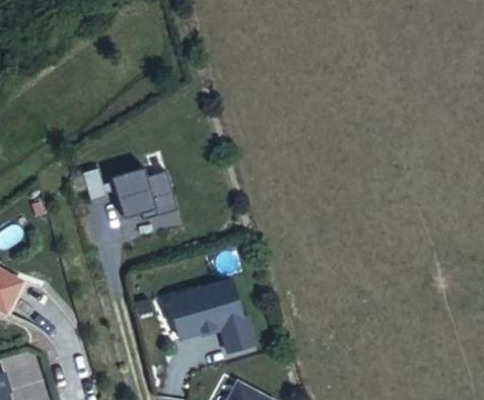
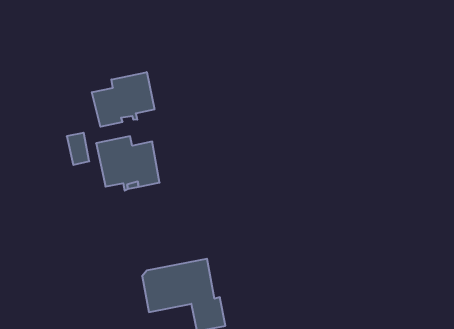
building: none -> [92,72,154,127]

